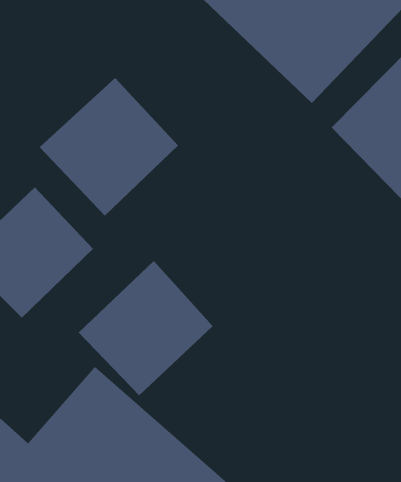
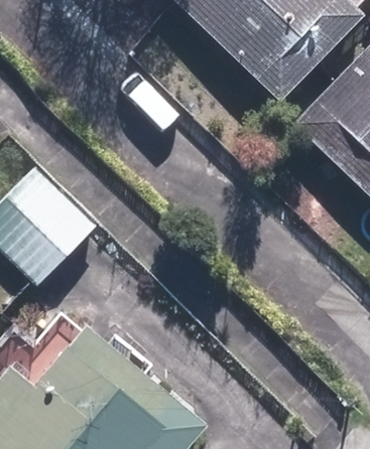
building: [39,77,179,216] -> none
building: [78,260,214,396] -> none

